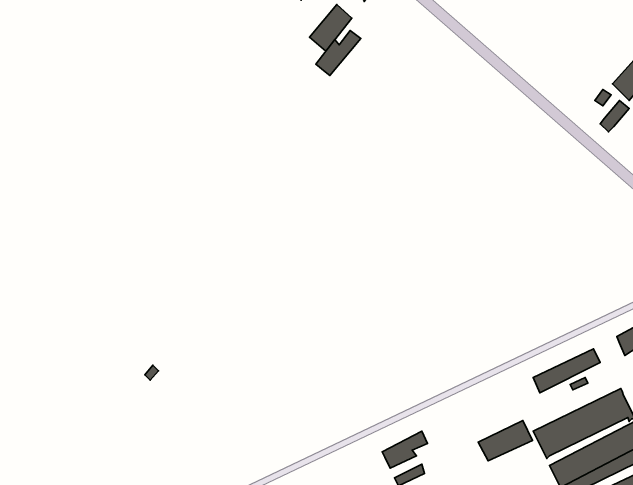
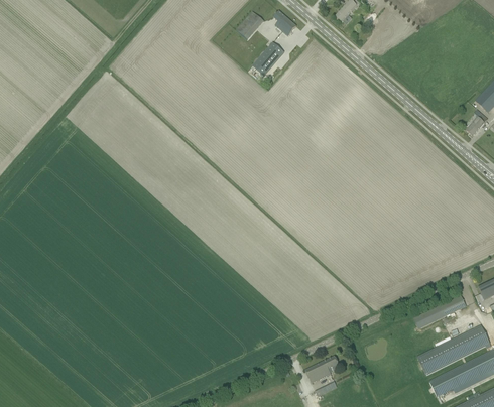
building: [316,30,361,76] -> none
building: [478,421,532,461] -> none

